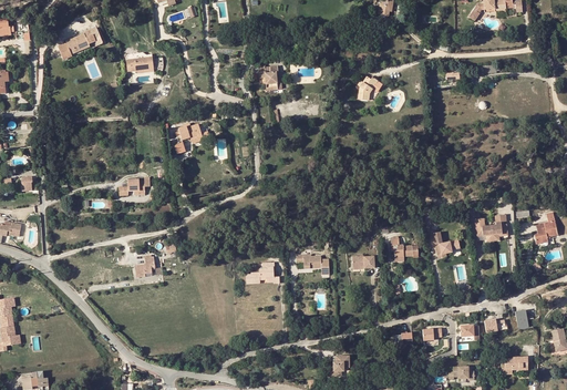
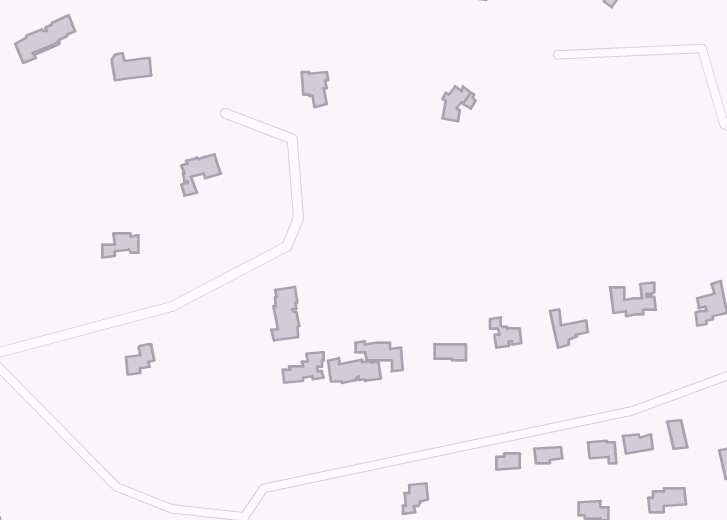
building: none -> [271,287,299,341]
building: none -> [328,358,381,383]

